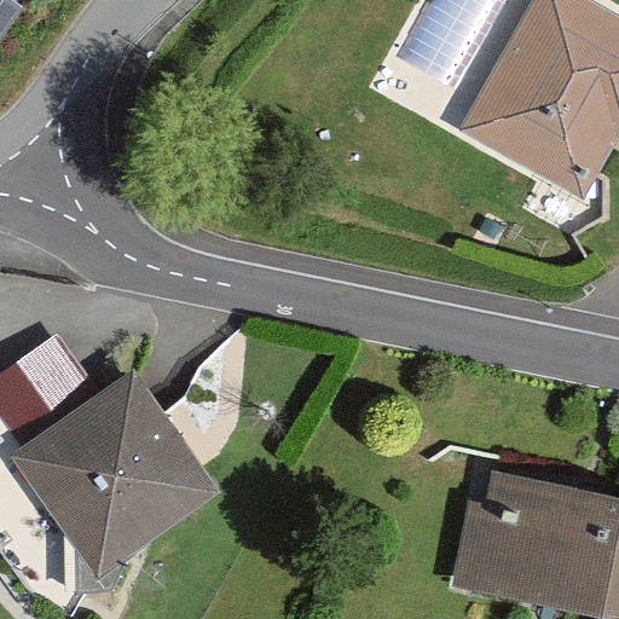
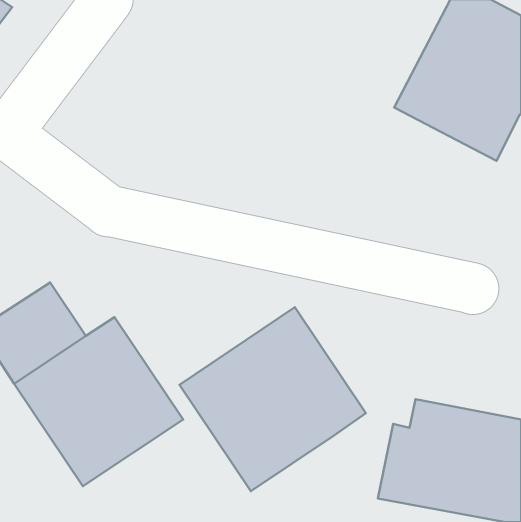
building: none -> [180,307,366,491]

